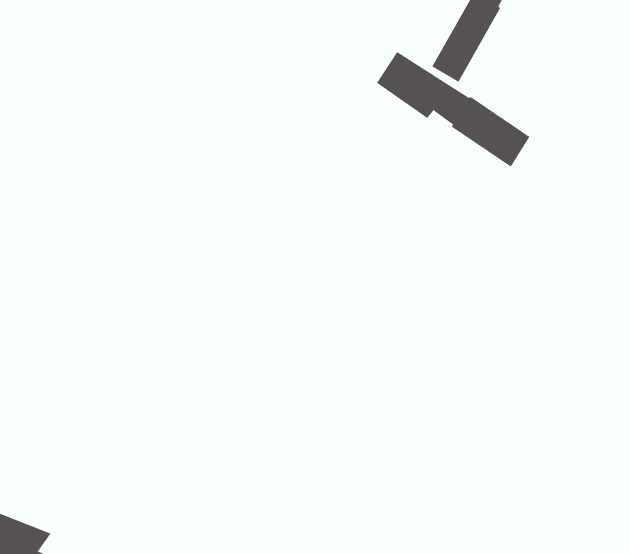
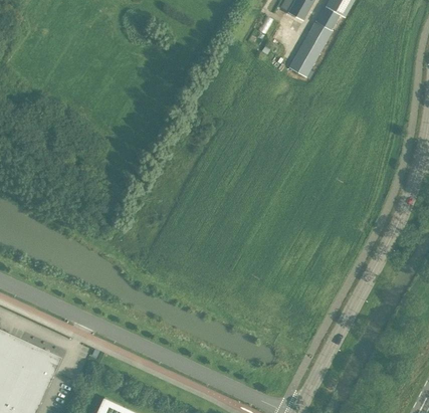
building: [376,51,530,167] -> none

